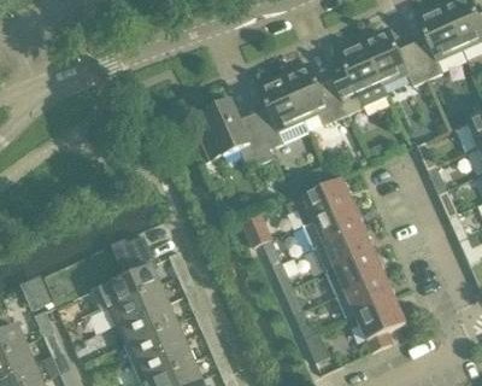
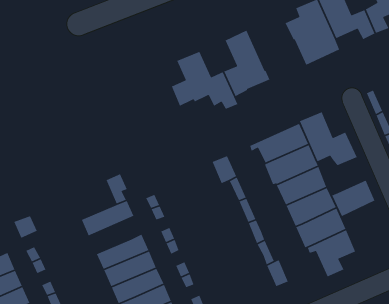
building: [282,62,348,123] -> [299,111,358,166]
building: none -> [331,180,376,217]
building: [104,282,164,324] -> none

